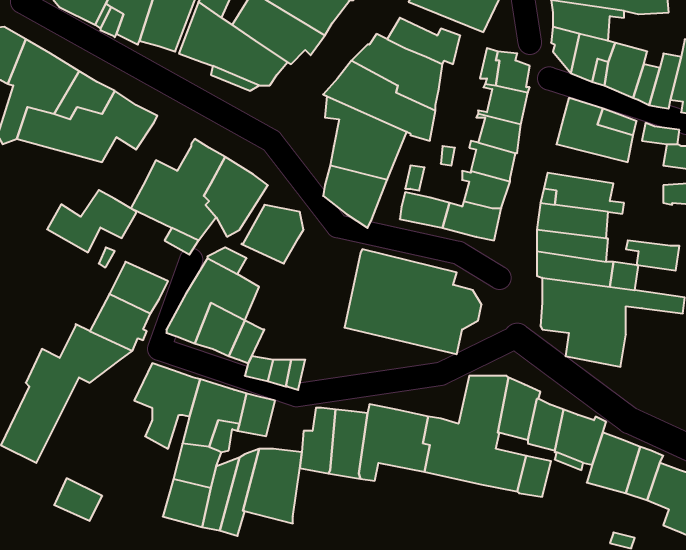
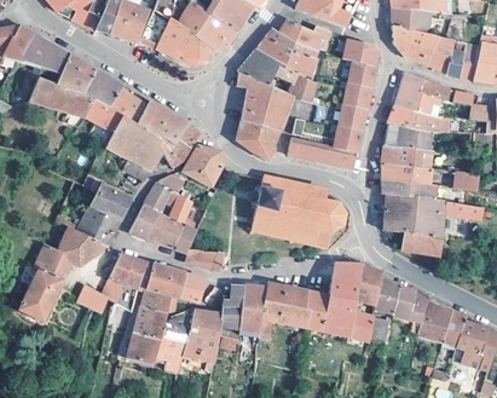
building: none -> [388,104,450,132]
building: [47,190,136,252] -> [87,90,148,132]
building: [54,478,102,521] -> [77,284,110,313]

